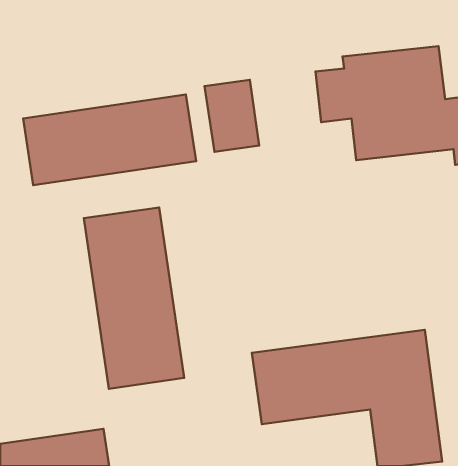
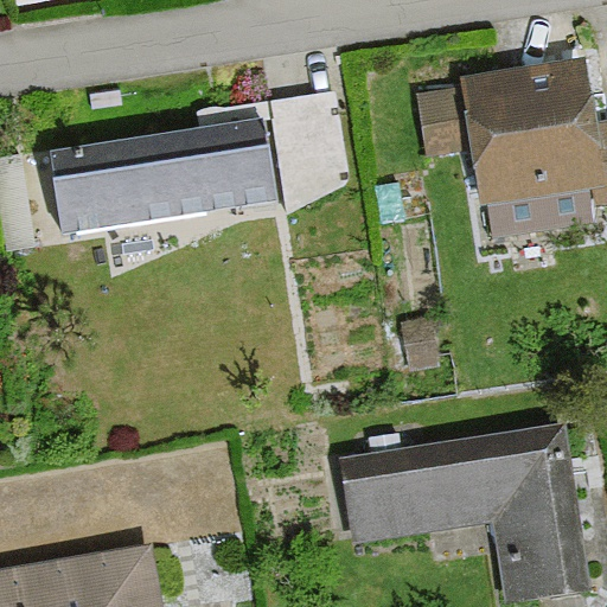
building: [84,207,184,389] -> none

